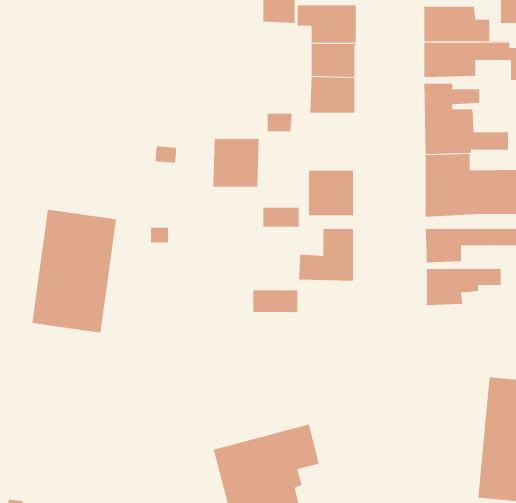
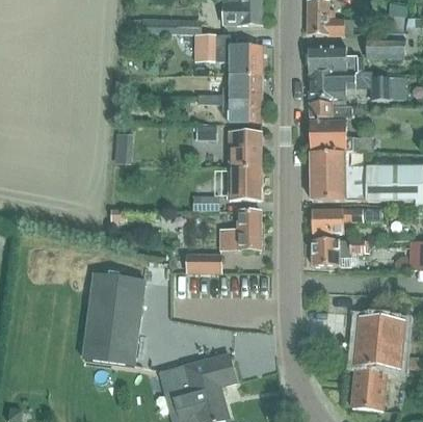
building: [212,139,259,187] -> [227,131,261,166]
building: [32,209,117,333] -> [82,272,144,363]

